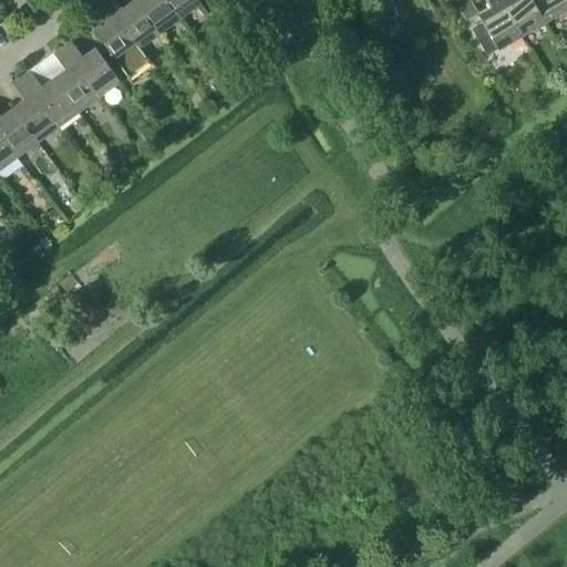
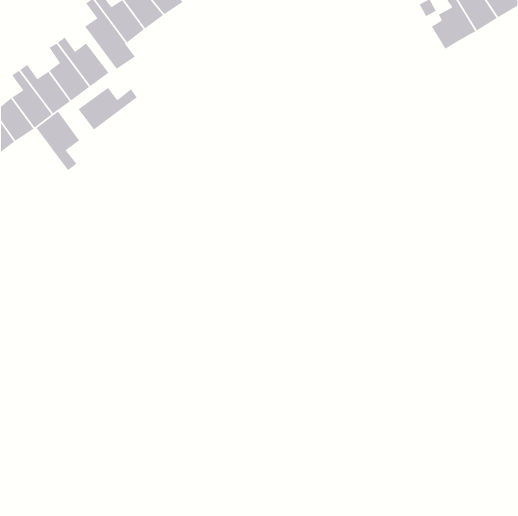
building: none -> [78,87,138,130]
building: none -> [35,111,80,171]

